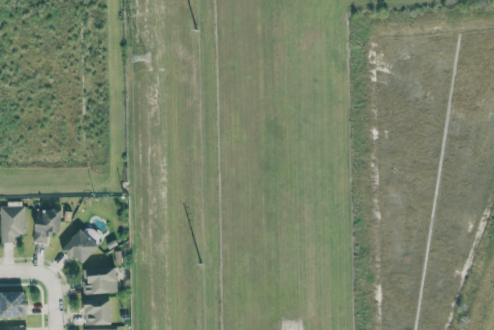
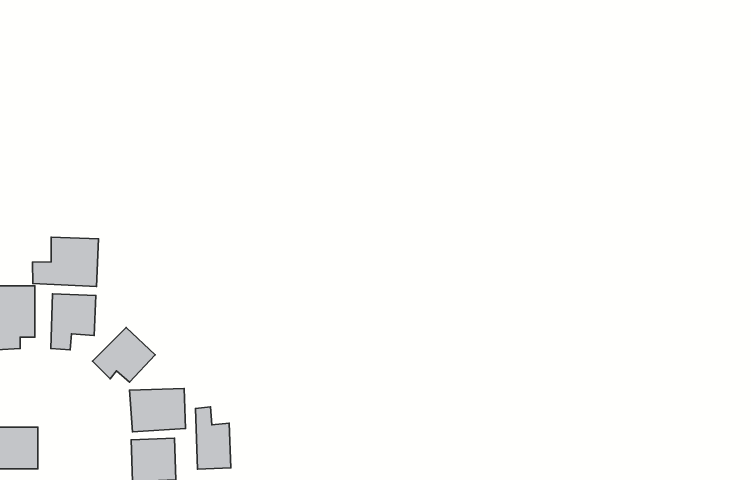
building: none -> [32,237,98,286]
building: none -> [196,407,231,469]

